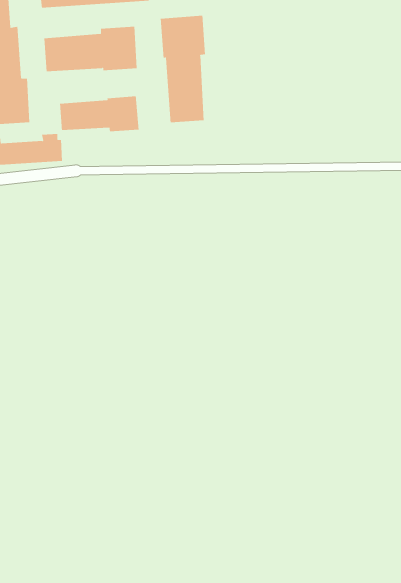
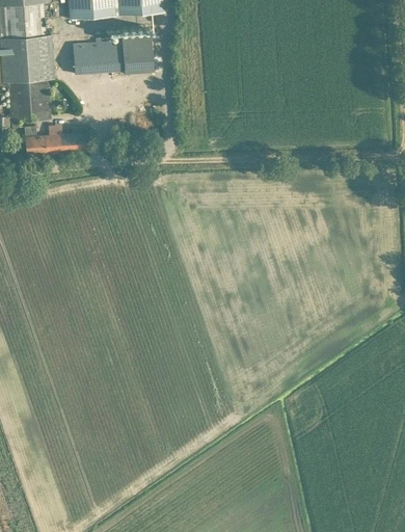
building: [160,15,206,123] -> none
building: [60,96,139,132] -> none

